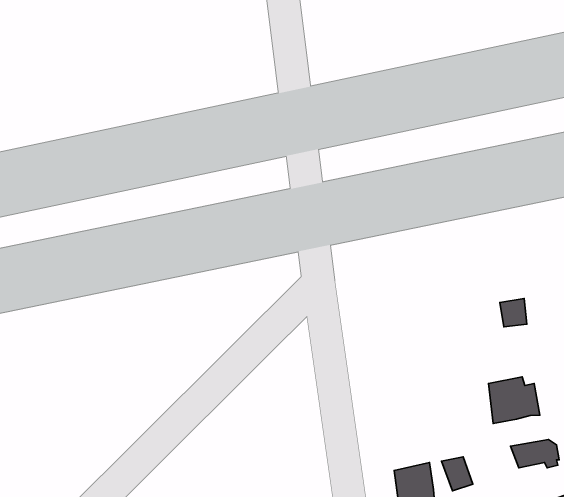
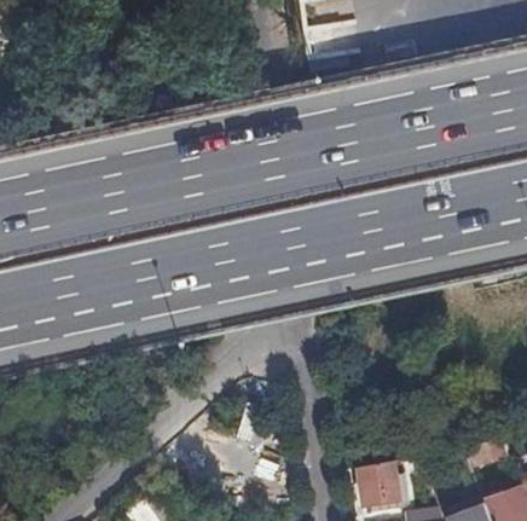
building: [489,377,540,423] -> none

